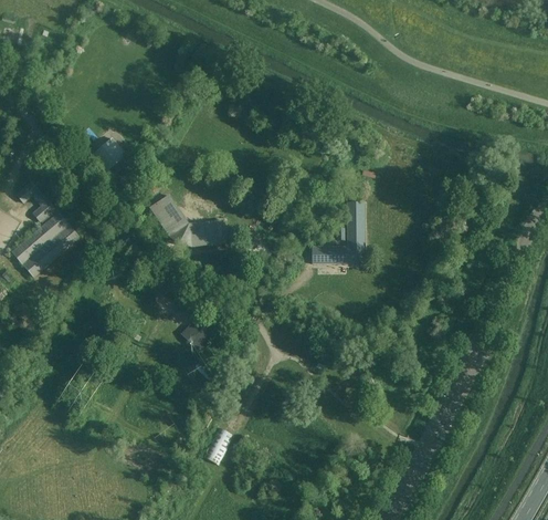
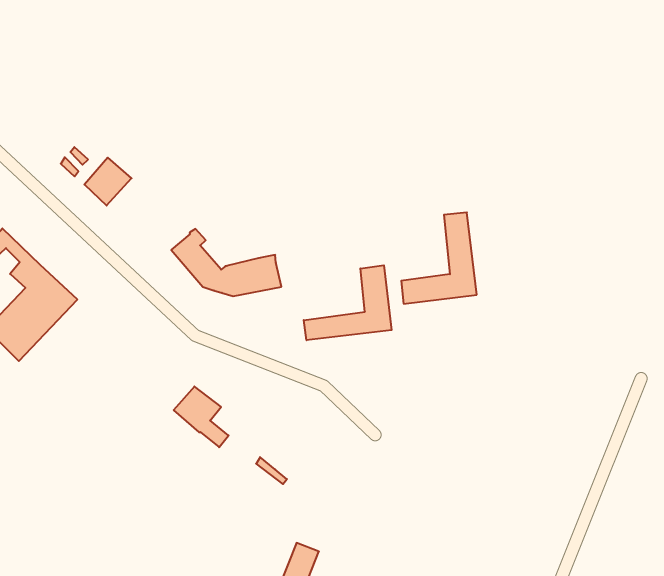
building: none -> [304,265,392,340]
building: [181,318,219,363] -> [174,386,229,447]

